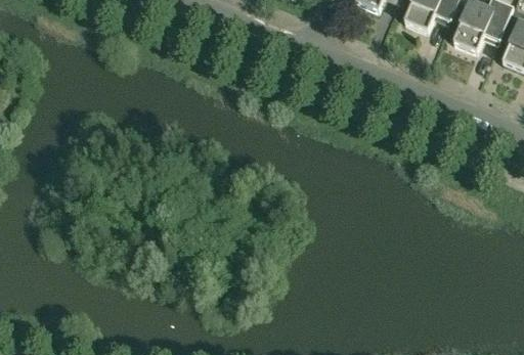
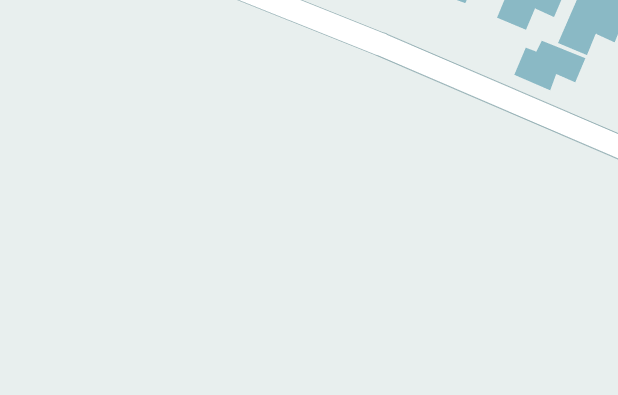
building: none -> [514,40,586,91]

